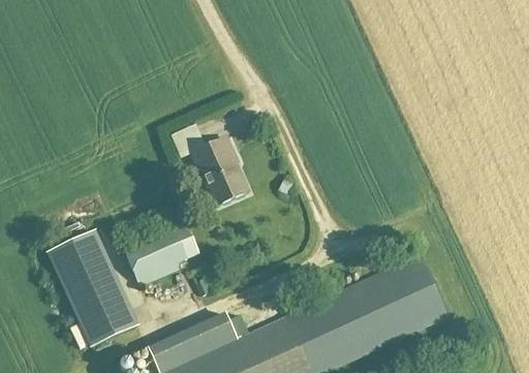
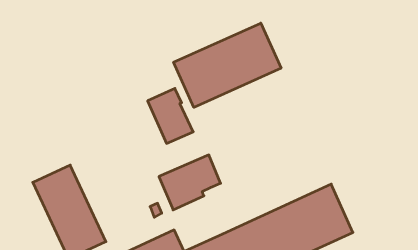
building: none -> [174,23,281,107]
building: [122,216,198,284] -> [159,155,221,210]

